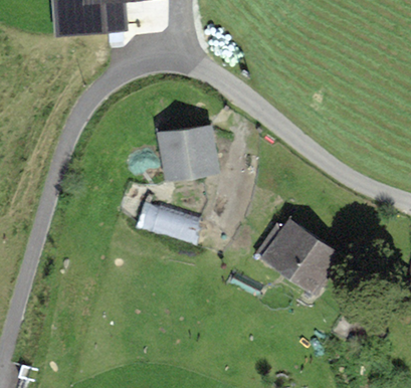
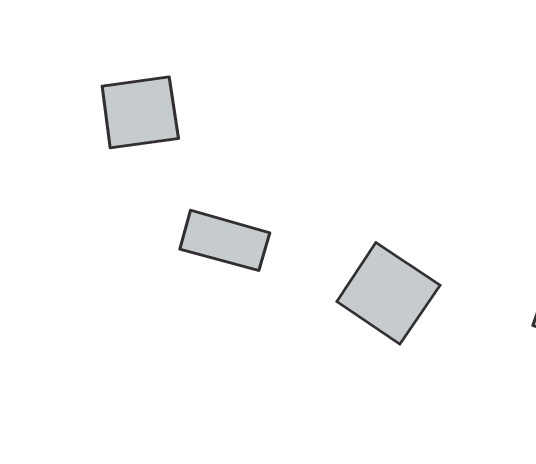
building: [162,127,219,180] -> [102,77,179,148]

